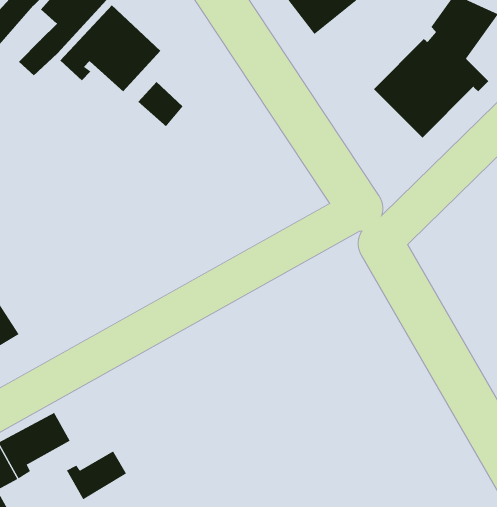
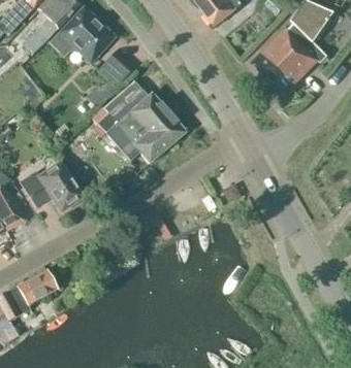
building: none -> [92,81,185,163]
building: none -> [20,161,84,209]
building: [66,450,127,500] -> none

